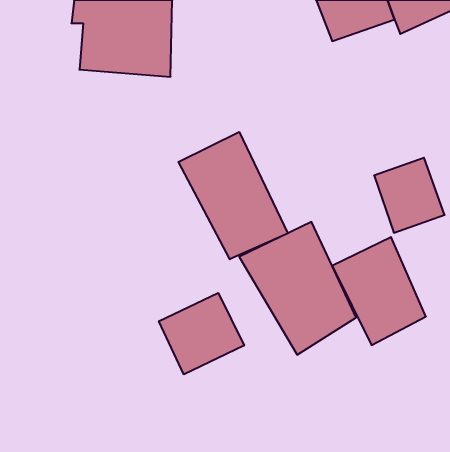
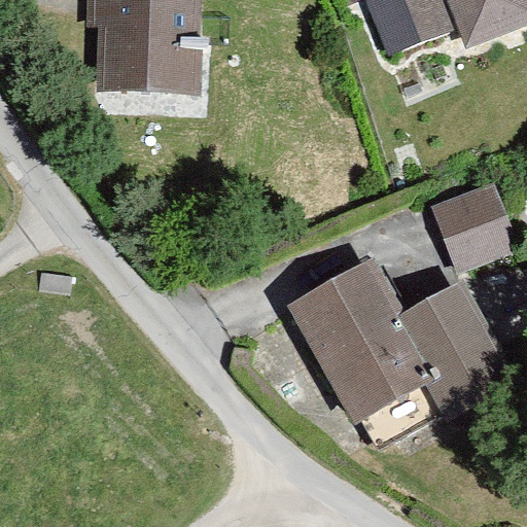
building: [178,132,288,259] -> none
building: [159,293,244,374] -> none

